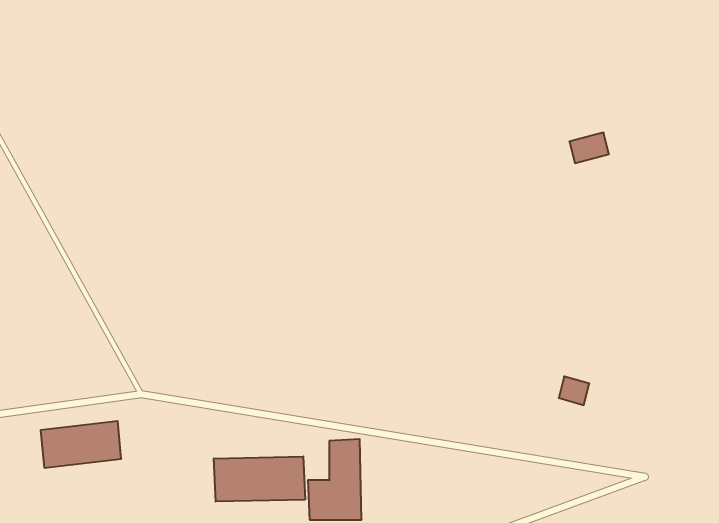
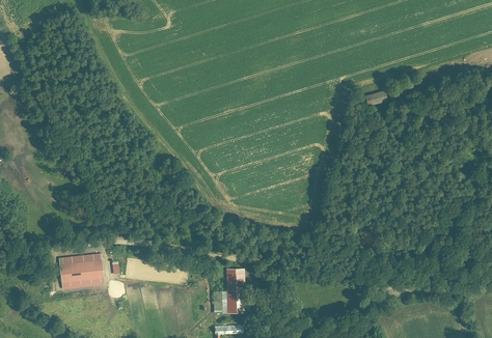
building: [214,456,305,502] -> none

